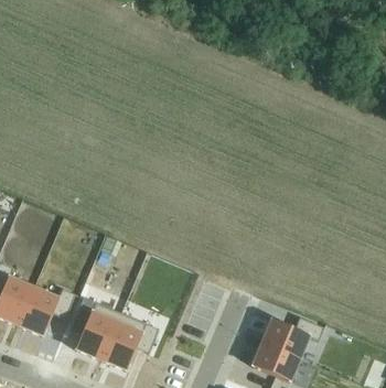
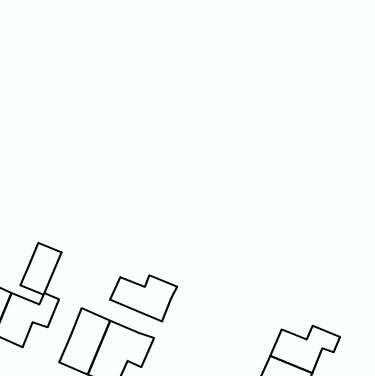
building: none -> [20,243,62,295]
building: none -> [110,275,177,322]

